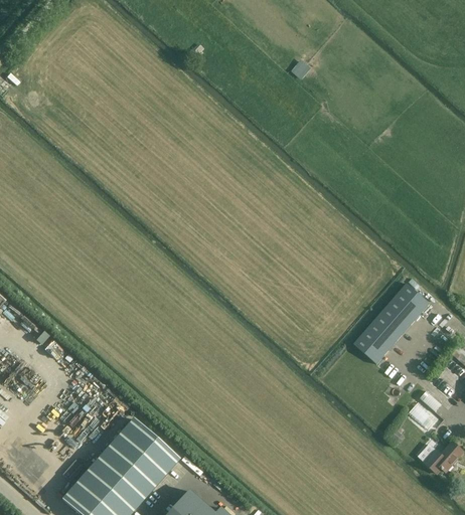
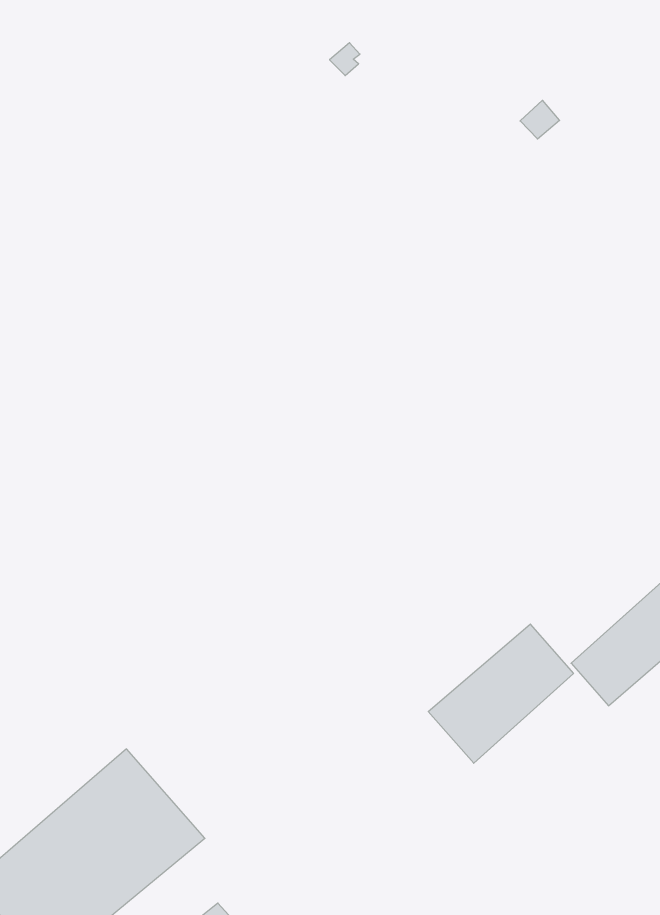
building: none -> [428,624,573,763]

